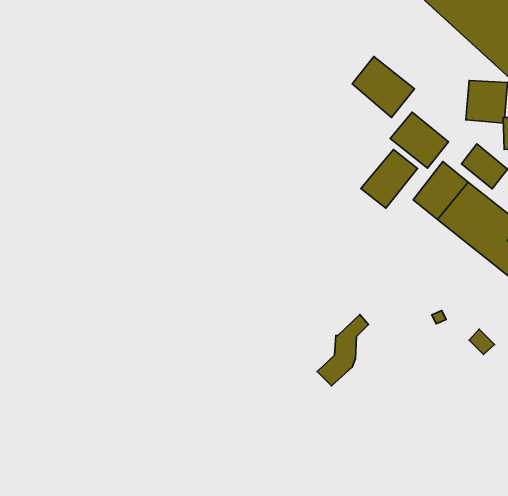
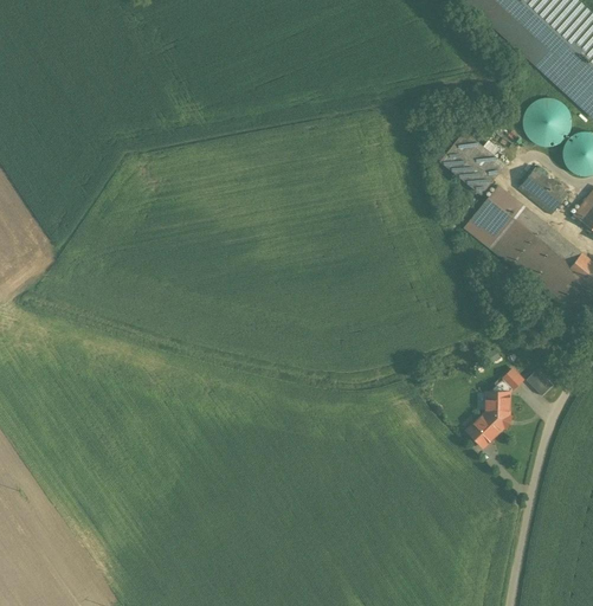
building: [352,57,414,118] -> none
building: [361,149,417,208] -> none
building: [317,315,369,386] -> [468,369,523,446]

